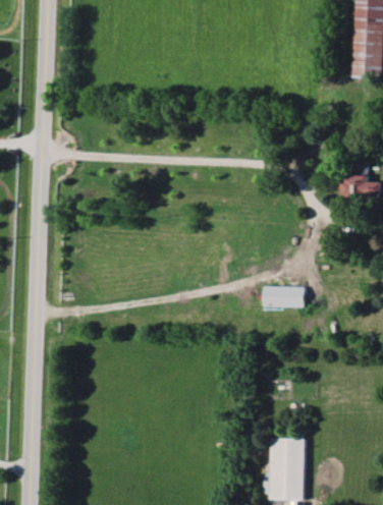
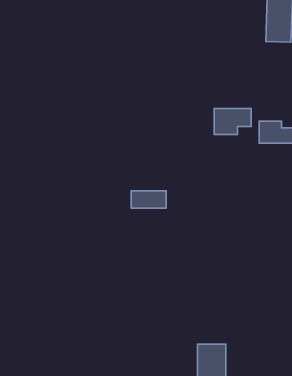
building: none -> [214,109,251,135]
building: [262,287,304,307] -> [131,191,166,208]

